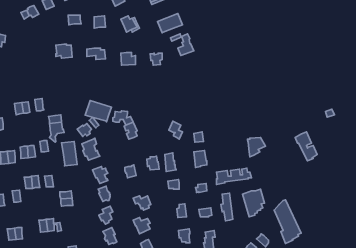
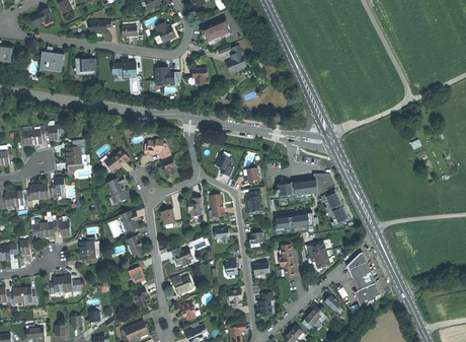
building: none -> [40,47,63,69]
building: [85,100,111,122] -> none
building: [295,132,317,161] -> [321,189,348,225]
building: [62,141,77,166] -> none
building: none -> [277,180,315,199]

